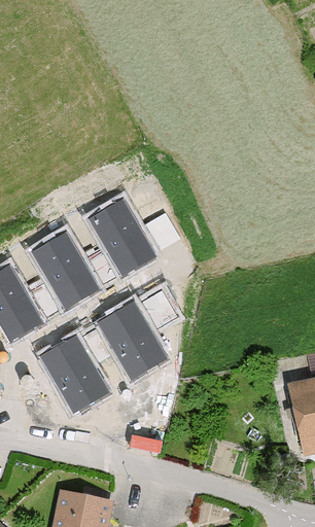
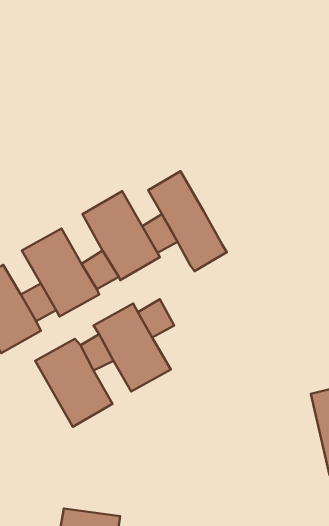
building: none -> [148,171,227,271]

